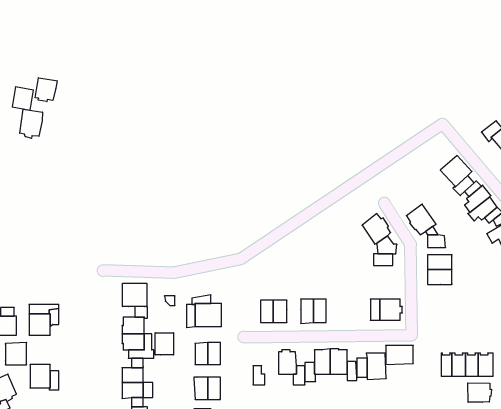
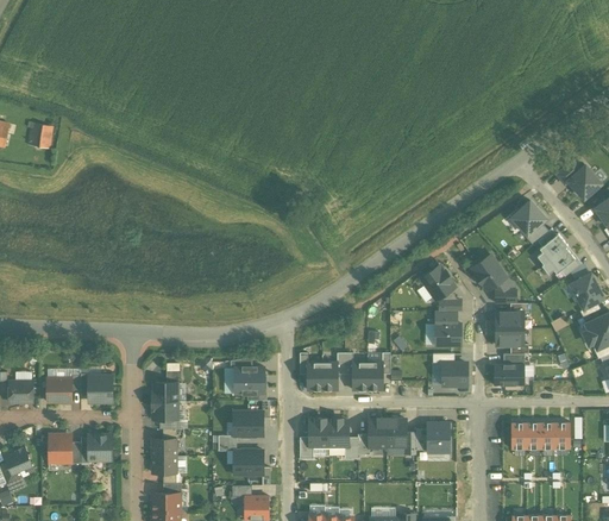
building: [35,78,57,102] -> none
building: [20,109,42,138] -> none
building: none -> [435,322,462,345]
building: [123,283,147,307] -> none
building: none -> [89,376,112,401]
building: [155,333,174,355] -> none
building: [5,342,27,365] -> [88,434,112,459]
building: [386,345,413,364] -> [494,364,525,385]
building: none -> [309,419,328,446]
building: [468,383,492,402] -> none

